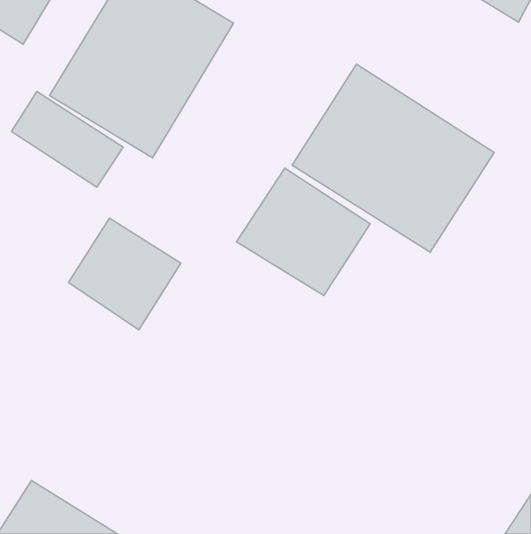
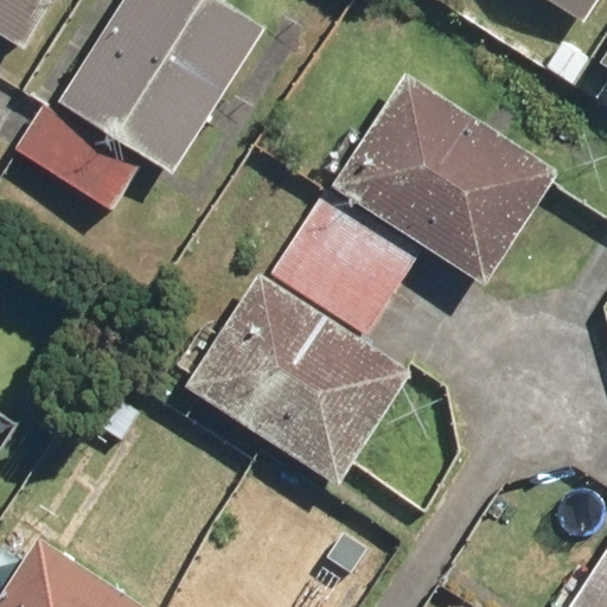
building: [69,218,181,330] -> none
building: none -> [185,275,411,485]

